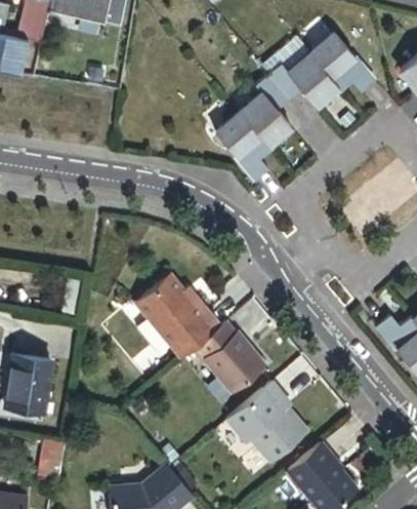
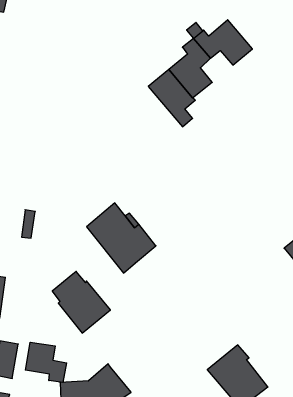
building: [309,33,374,91] -> none
building: [199,320,268,394] -> [52,271,110,333]
building: [227,382,310,466] -> none
building: none -> [25,342,67,382]

